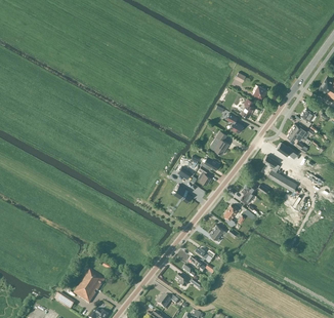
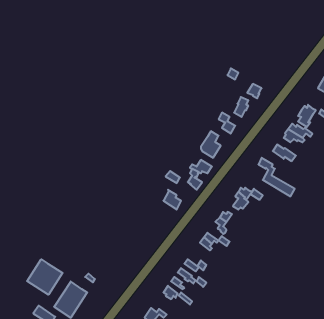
building: none -> [27,259,63,295]

